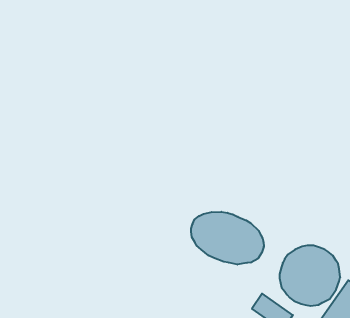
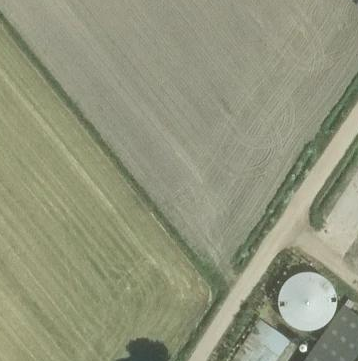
building: [191,212,264,265] -> none

